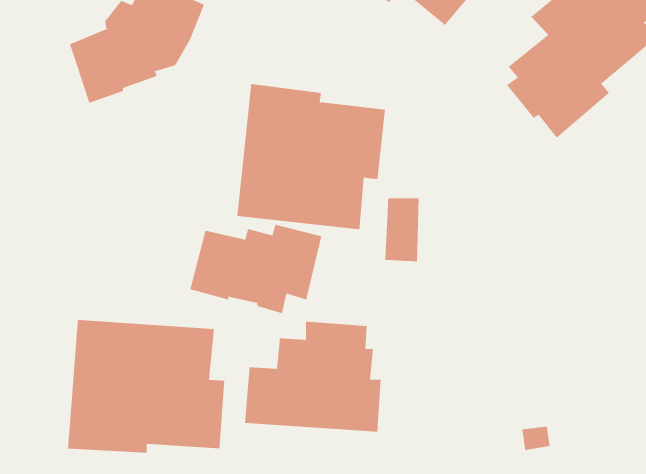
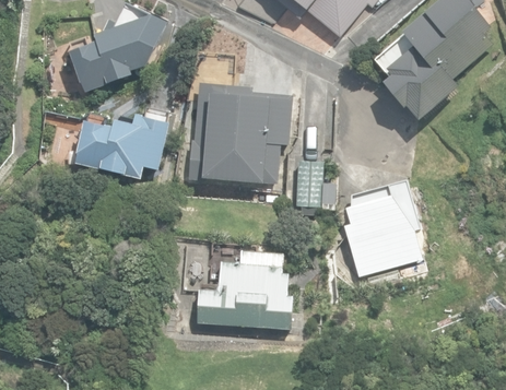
building: none -> [343,179,422,277]
building: [190,224,322,314] -> [73,116,168,180]
building: [68,319,225,454] -> none

